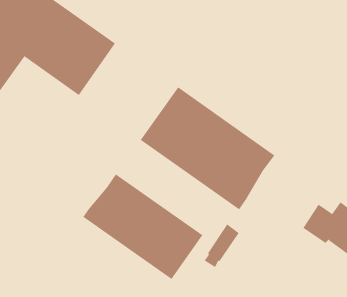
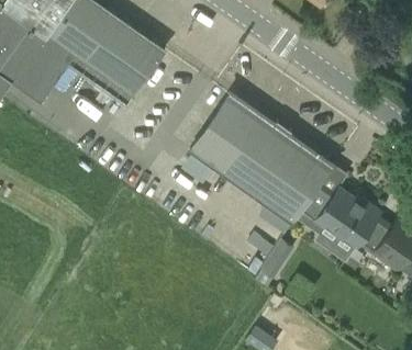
building: none -> [302,184,380,247]
building: [82,173,203,280] -> none

